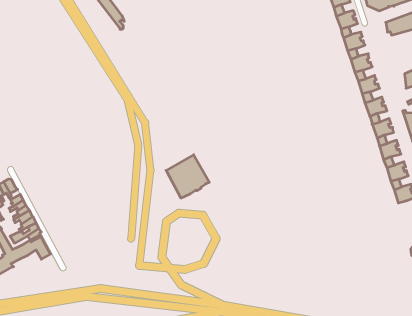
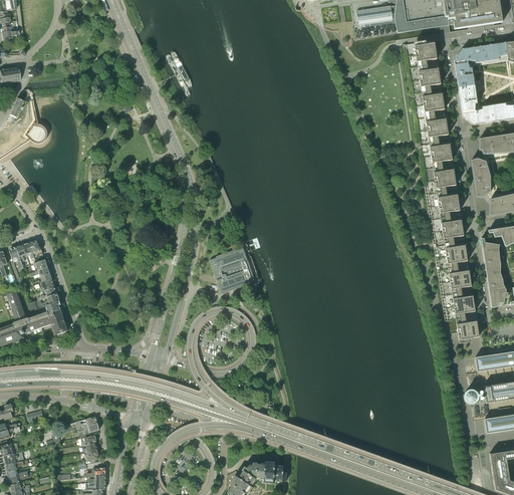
building: none -> [472,158,491,196]

